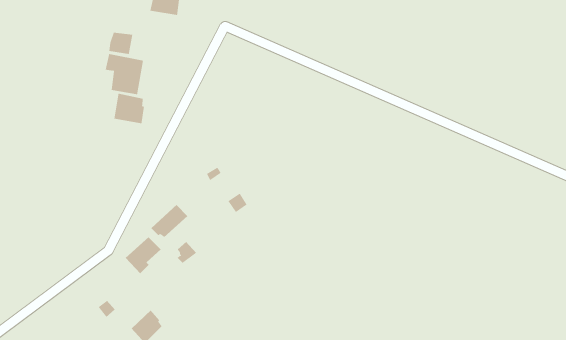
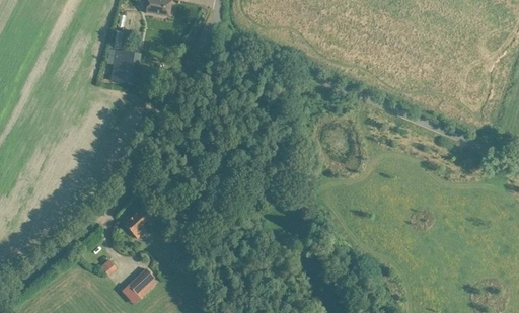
building: [114,93,144,124] -> none
building: [151,204,188,238] -> none

